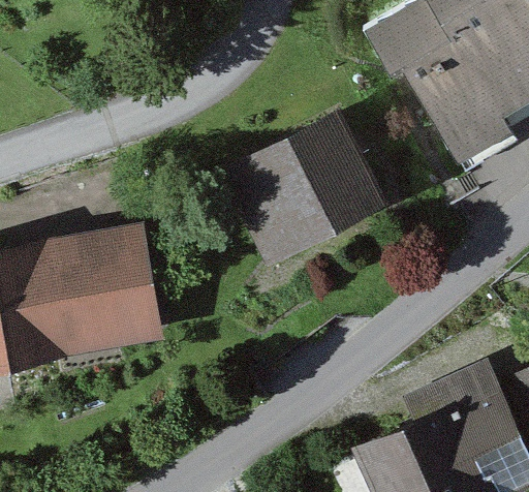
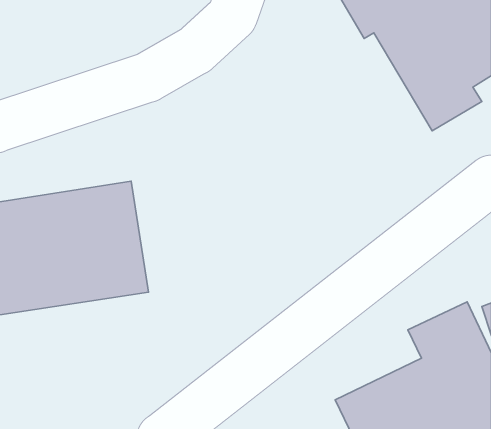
building: [223,109,385,256] -> none

